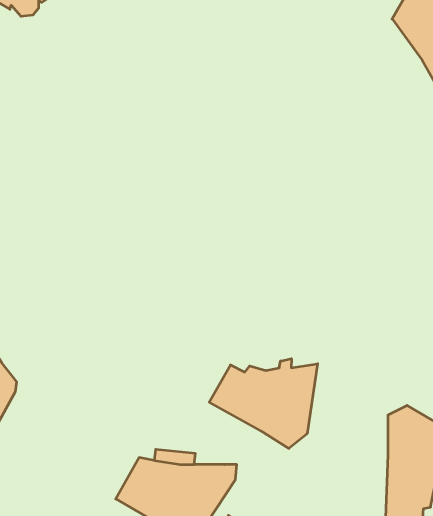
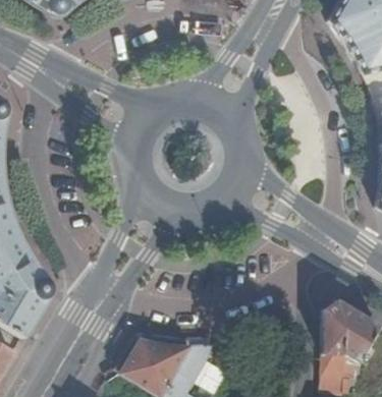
building: [209,359,318,448] -> none

